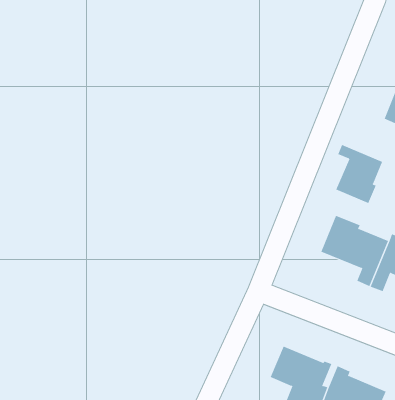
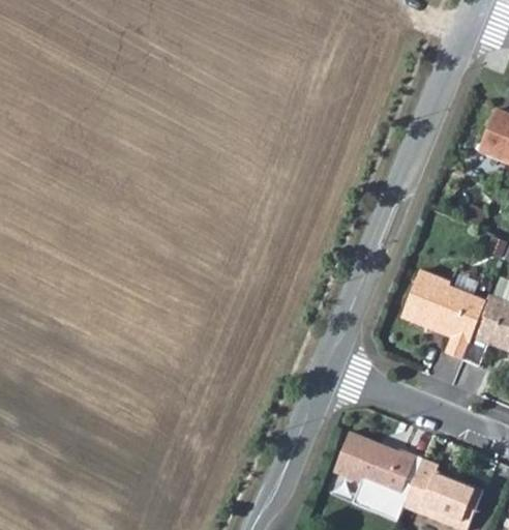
building: [336,144,383,204] -> none

